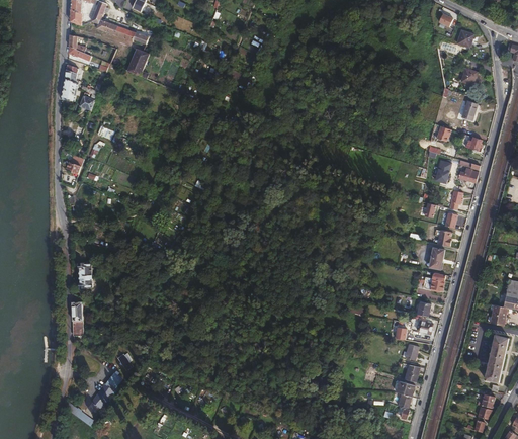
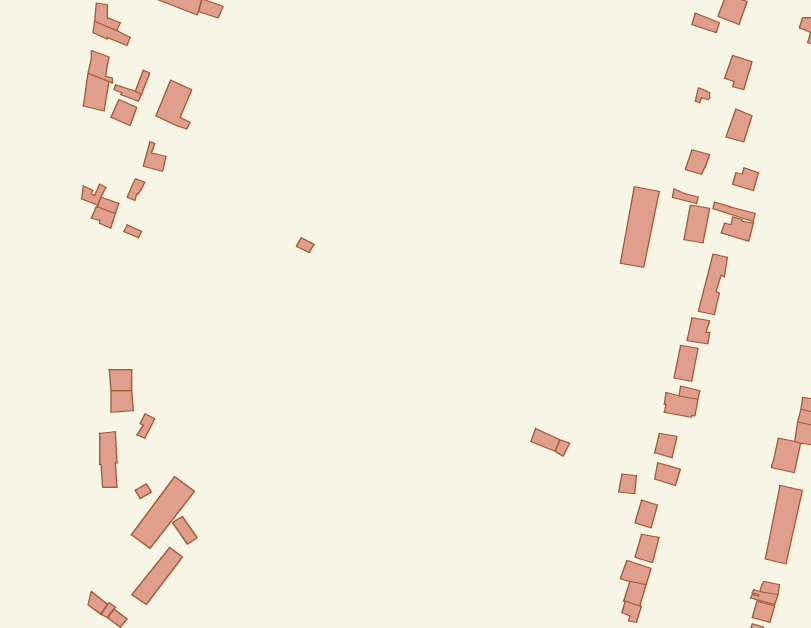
building: [126,48,149,78] -> [156,80,192,129]
building: none -> [621,187,659,267]
building: none -> [131,477,194,548]

